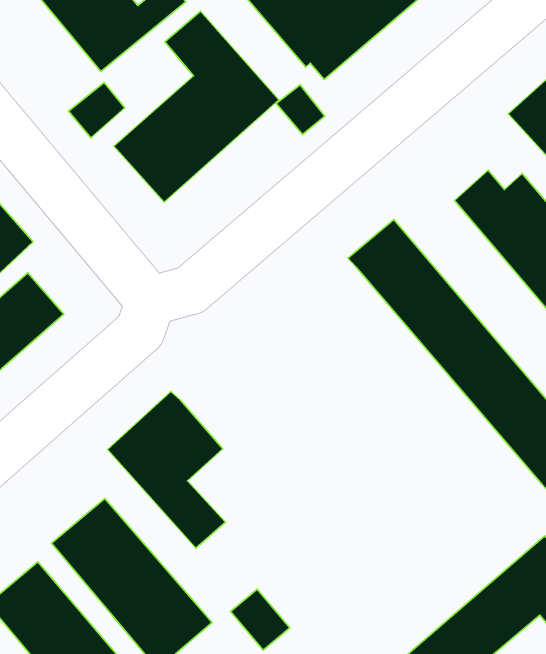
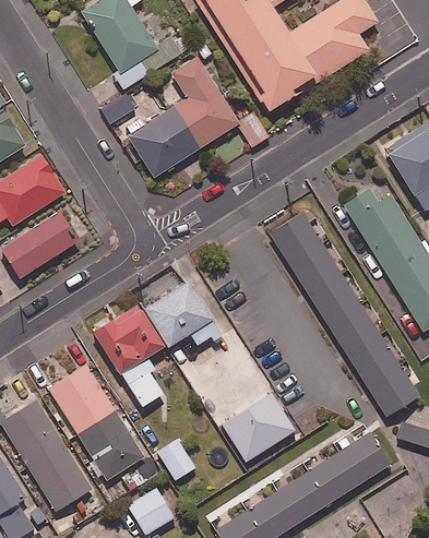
building: none -> [145,280,219,344]
building: none -> [223,393,296,459]

